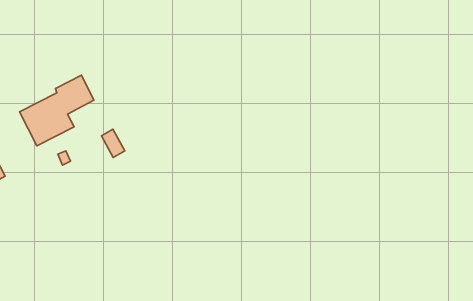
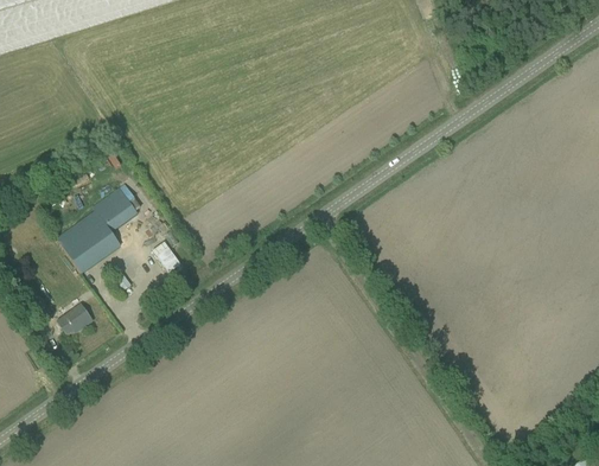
building: none -> [58,305,93,334]

